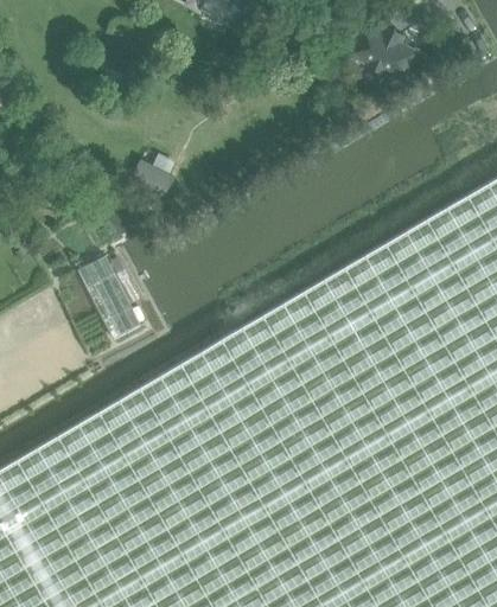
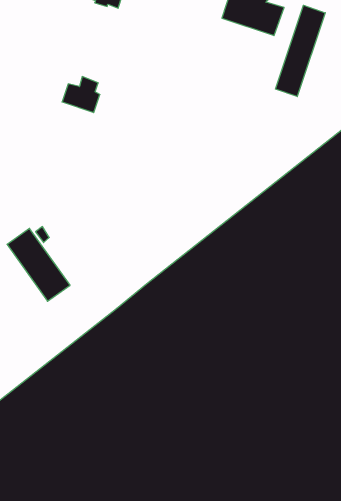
building: none -> [275,5,325,97]
building: [132,154,174,196] -> [62,77,100,113]

